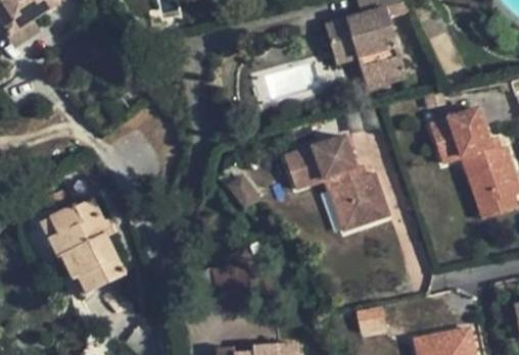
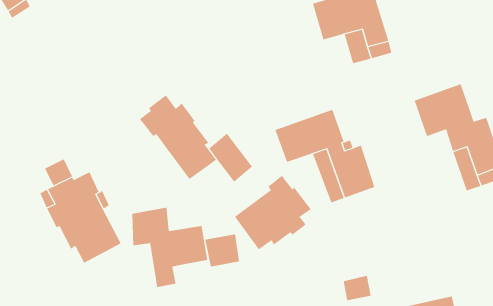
building: none -> [139,94,217,180]
building: none -> [234,175,311,250]
building: none -> [132,207,208,288]

